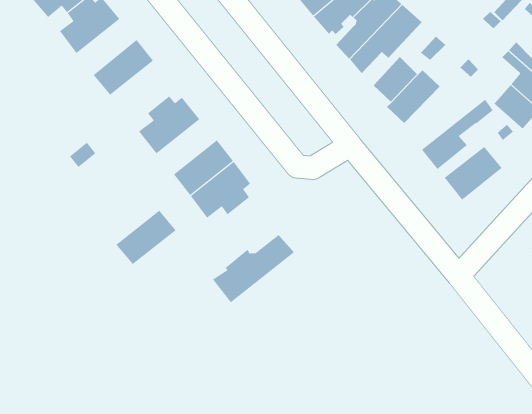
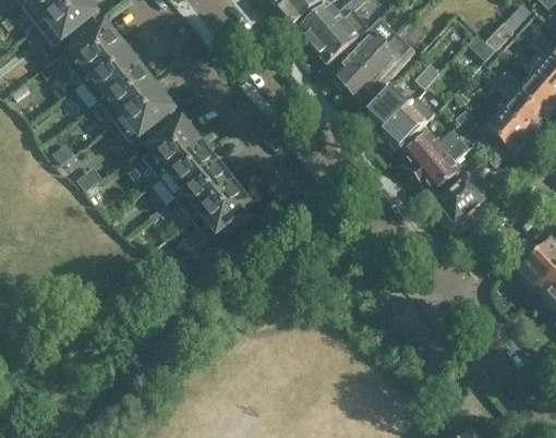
building: none -> [83,46,142,100]
building: none -> [116,86,176,142]
building: none -> [401,108,479,172]
building: [116,210,176,265] -> [160,143,219,196]
building: [212,234,295,303] -> none

